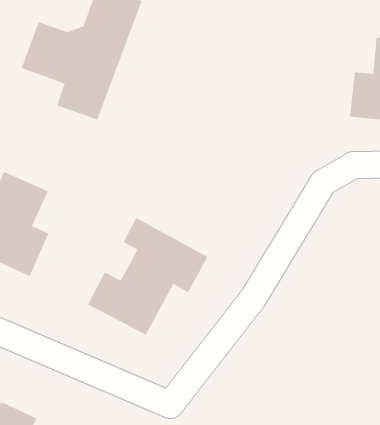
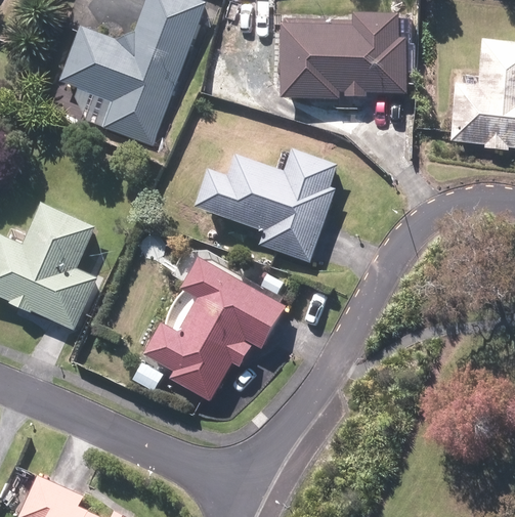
building: none -> [280,15,406,98]
building: none -> [196,150,336,258]

